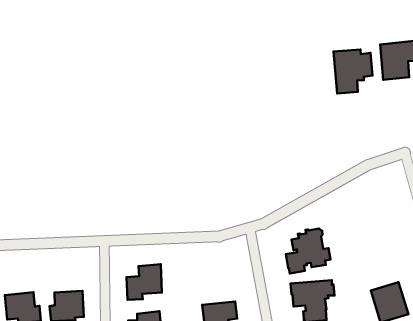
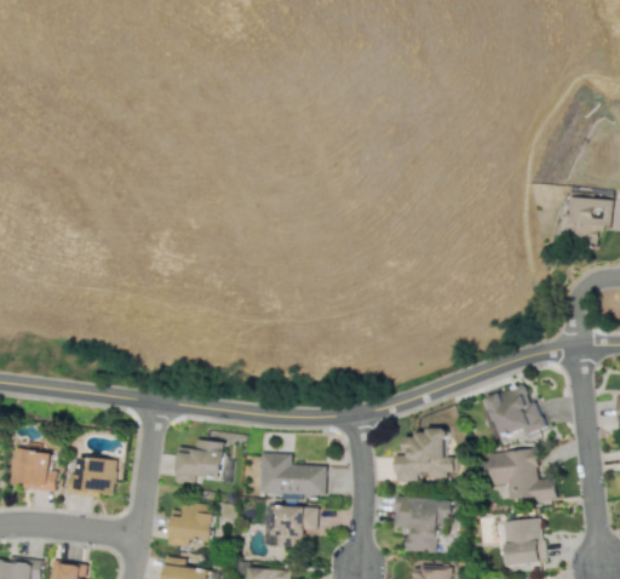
building: [334,50,372,93] -> none
building: none -> [483,383,542,441]
building: none -> [489,448,556,501]
building: none -> [258,453,327,495]

